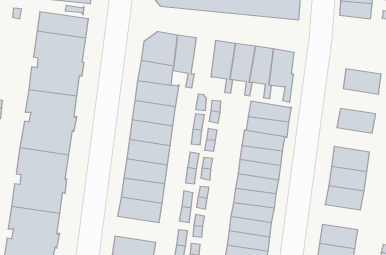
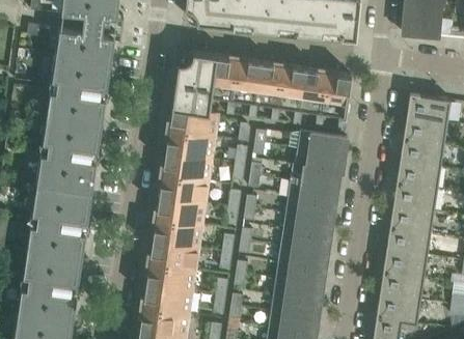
building: none -> [233,57,261,117]
building: none -> [404,115,447,144]
building: none -> [397,160,440,188]
building: none -> [383,248,427,277]
building: none -> [145,261,196,291]

